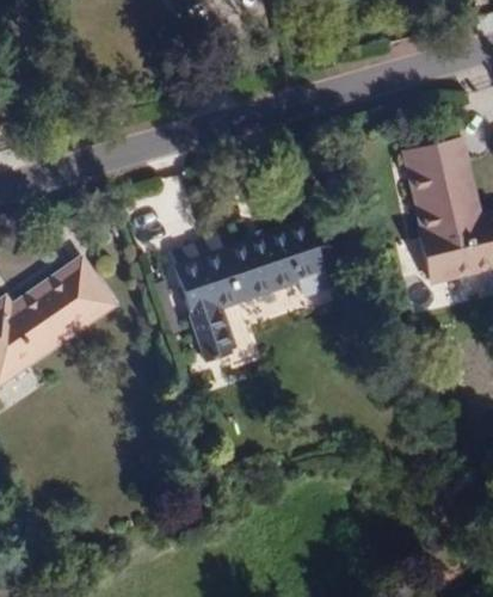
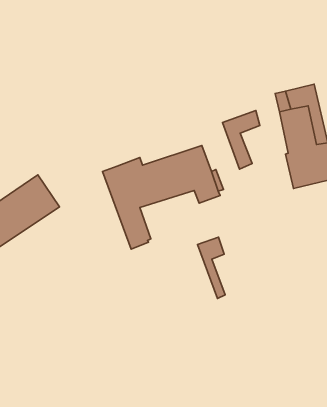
building: none -> [222,111,260,169]
building: none -> [198,237,225,299]

